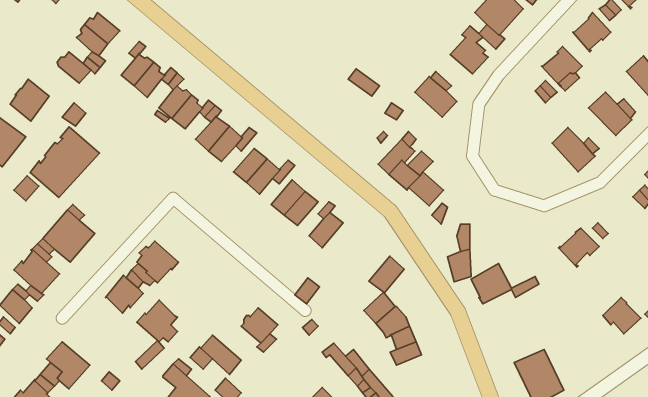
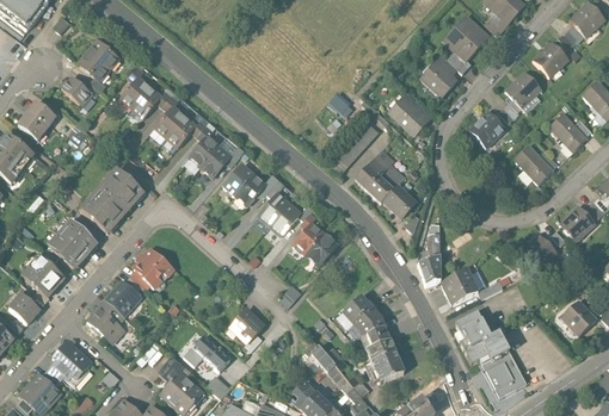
building: none -> [469,111,505,147]
building: [30,127,99,197] -> [81,168,144,232]
building: none -> [560,207,596,243]
building: [369,256,404,293] -> [304,232,337,266]
building: [137,300,177,342] -> [87,300,124,339]
building: none -> [456,312,508,365]
building: none -> [371,353,404,384]

